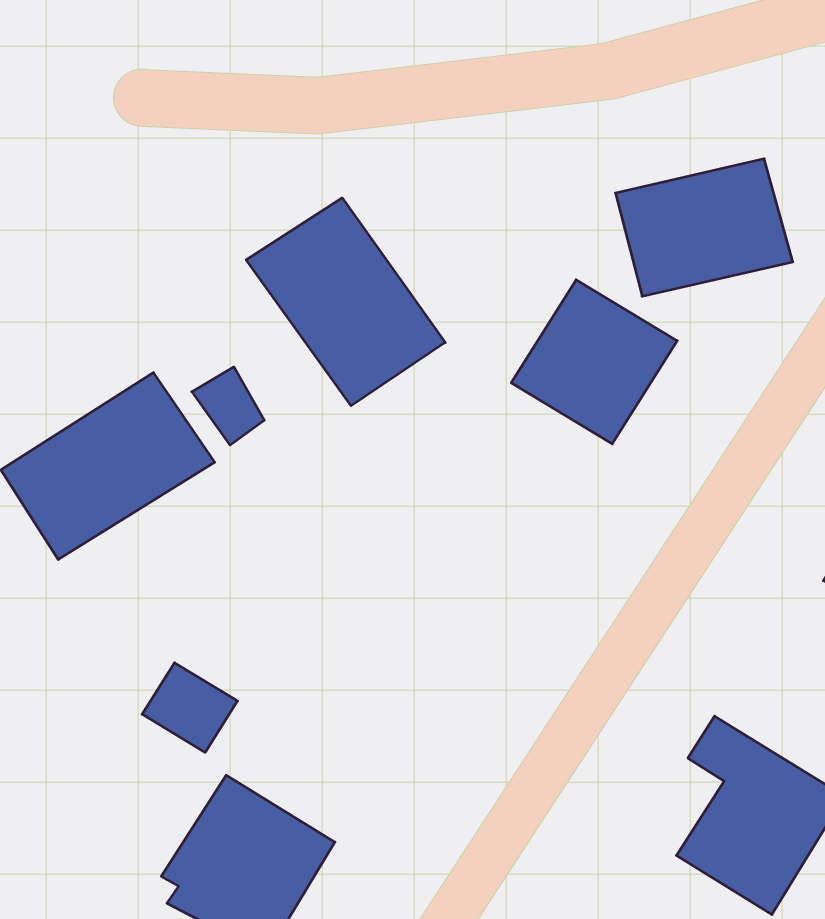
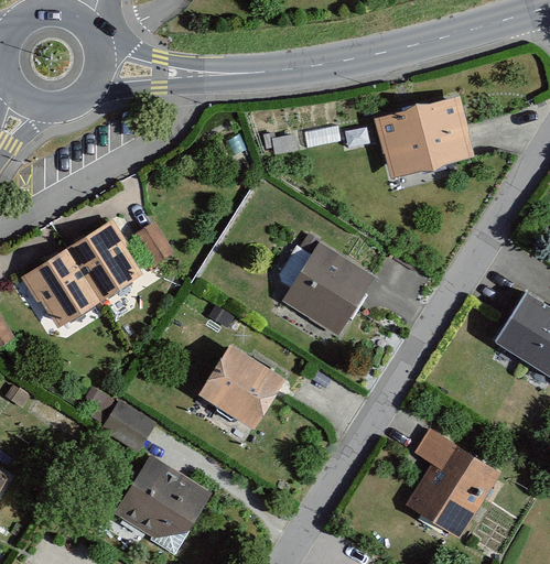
building: [246,198,445,406] -> none
building: [511,280,677,444] -> [279,241,375,336]
building: none -> [198,346,287,436]

